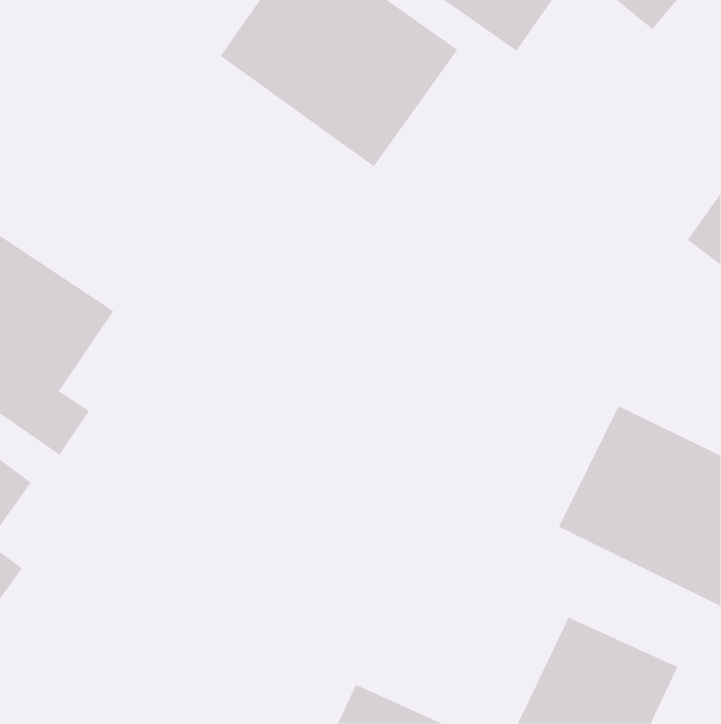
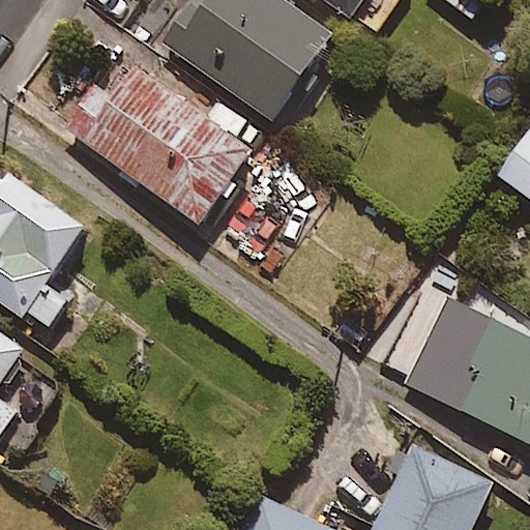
building: none -> [60,62,255,224]

